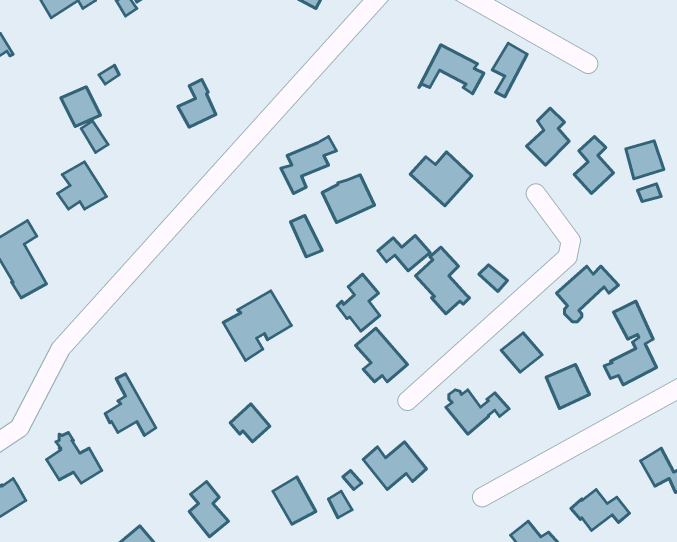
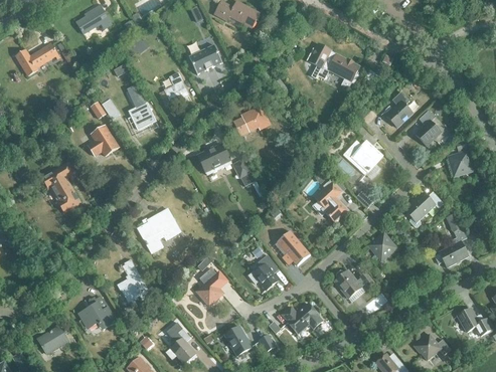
building: none -> [189,43,222,72]
building: [492,43,527,97] -> [309,43,331,77]
building: [61,87,100,126] -> [129,104,154,129]
building: [626,141,664,179] -> [449,151,473,175]
building: [410,152,472,206] -> [343,140,382,174]
building: [322,175,374,222] -> [198,144,231,174]
building: [378,235,430,271] -> none
building: [337,274,380,331] -> [251,253,278,290]
building: [223,291,291,360] -> [138,208,181,252]
building: [546,365,590,408] -> none

